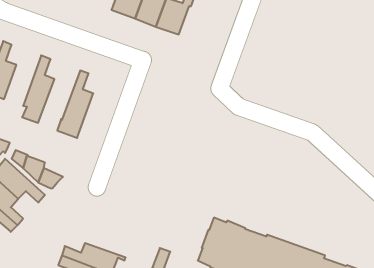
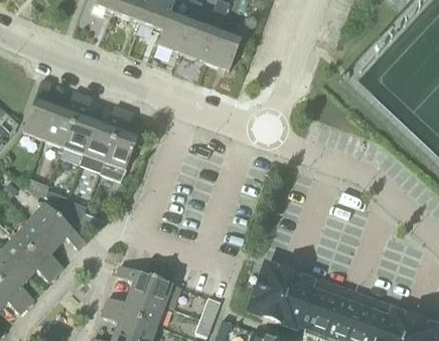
building: none -> [43,90,83,146]
building: none -> [80,106,124,172]
building: none -> [117,265,180,307]

